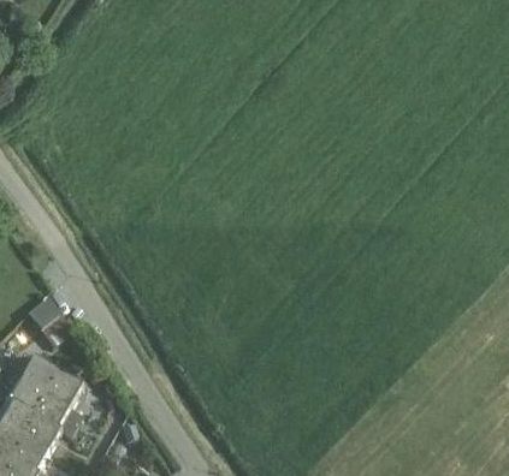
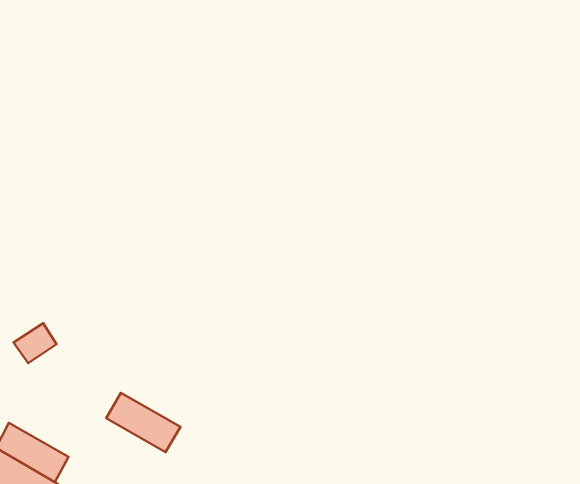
building: [19,359,79,407] -> [106,393,180,452]

